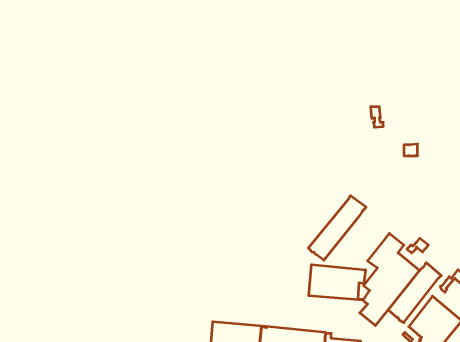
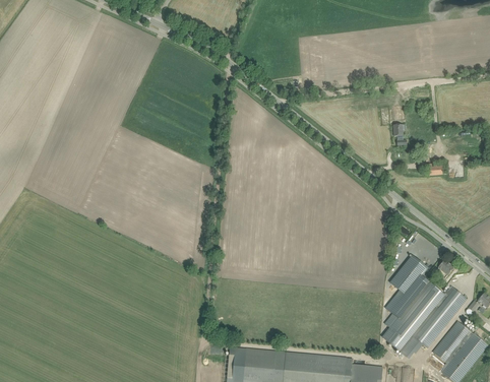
building: [308,196,366,260] -> none
building: [309,265,365,300] -> none

